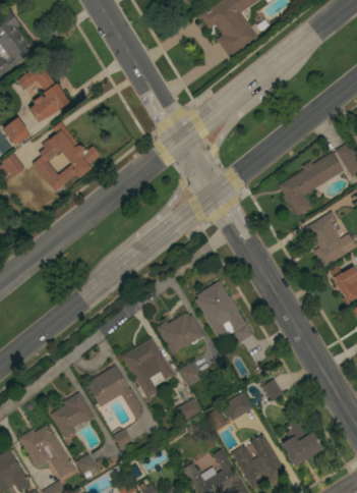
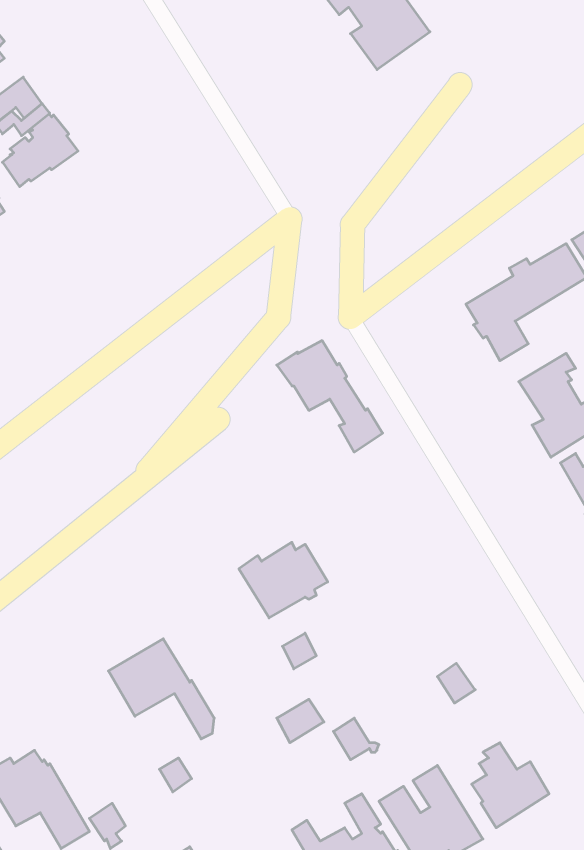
building: [33,122,102,191] -> none
building: [197,284,254,344] -> [277,341,383,452]
building: [122,338,175,398] -> none
building: [51,392,95,439] -> none
building: [223,392,253,422] -> none

